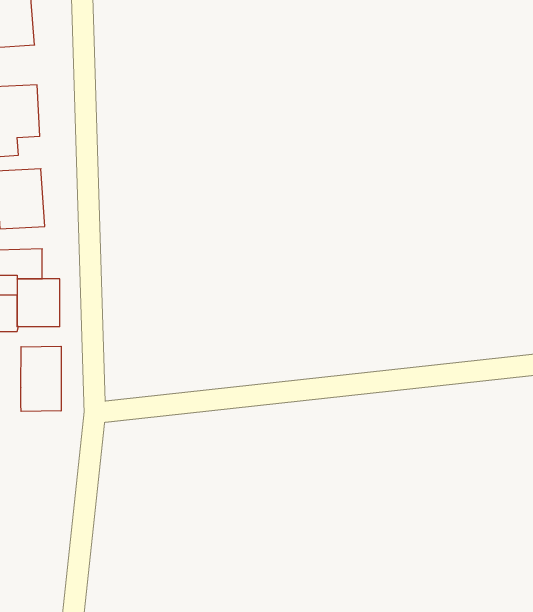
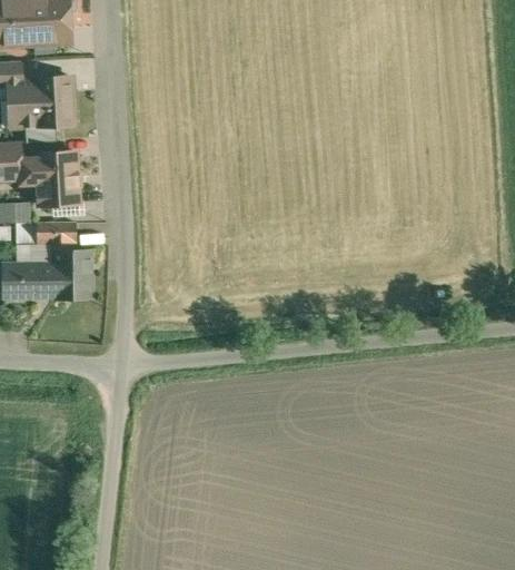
building: [21,346,61,411] -> none

